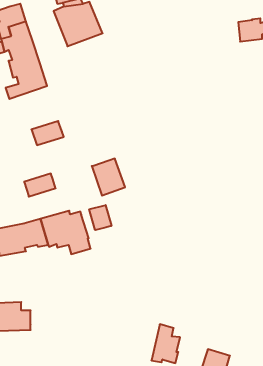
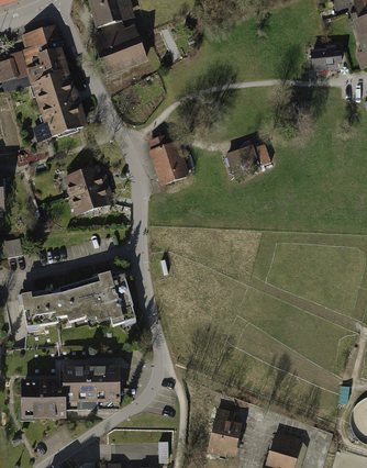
building: none -> [227,146,257,170]
building: [92,159,125,196] -> [148,141,188,185]
building: [24,174,56,197] -> [71,185,109,212]
building: [89,205,111,230] -> none
building: none -> [63,366,120,408]

